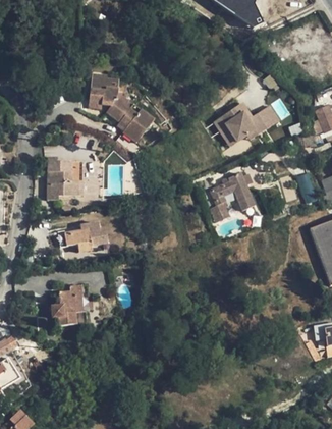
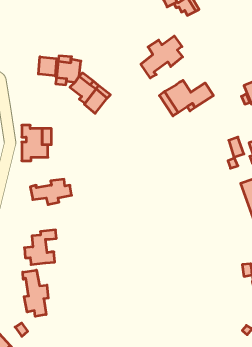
building: none -> [141,36,183,78]
building: none -> [38,57,56,76]
building: [209,172,255,221] -> none
building: none -> [23,270,48,316]

